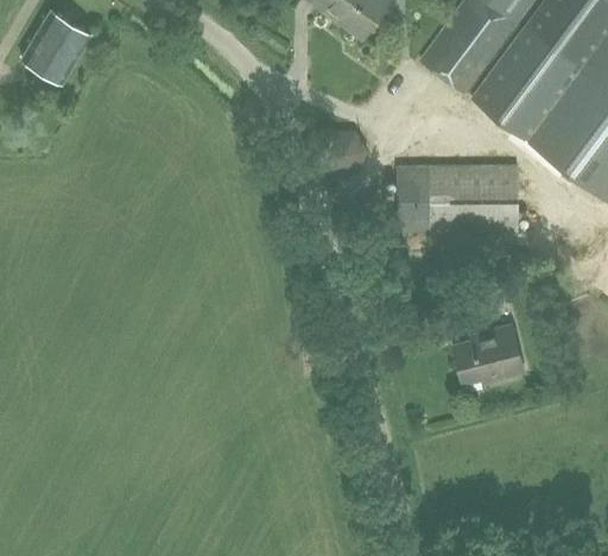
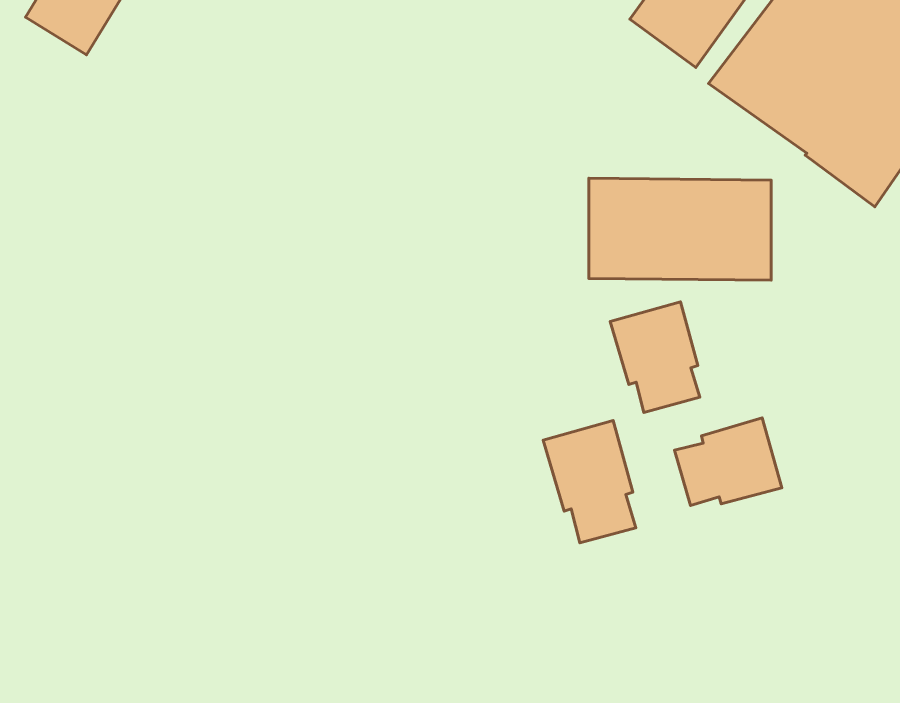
building: none -> [610,302,700,412]
building: none -> [543,420,636,543]

